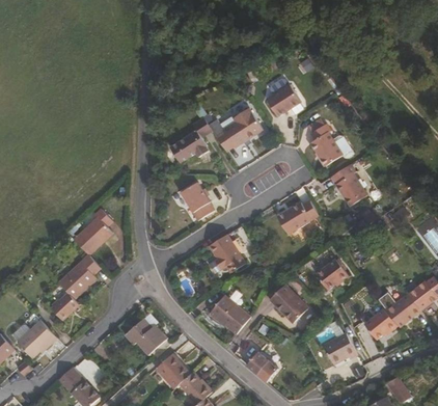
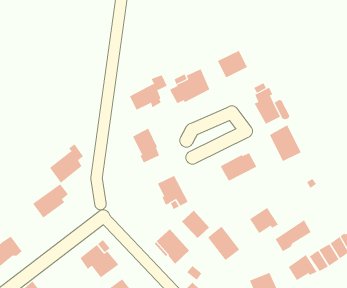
building: none -> [275,220,311,252]
building: none -> [181,210,210,239]
building: [57,289,85,317] -> none

